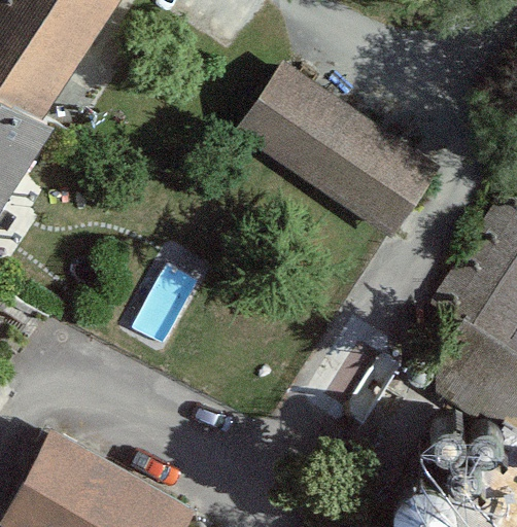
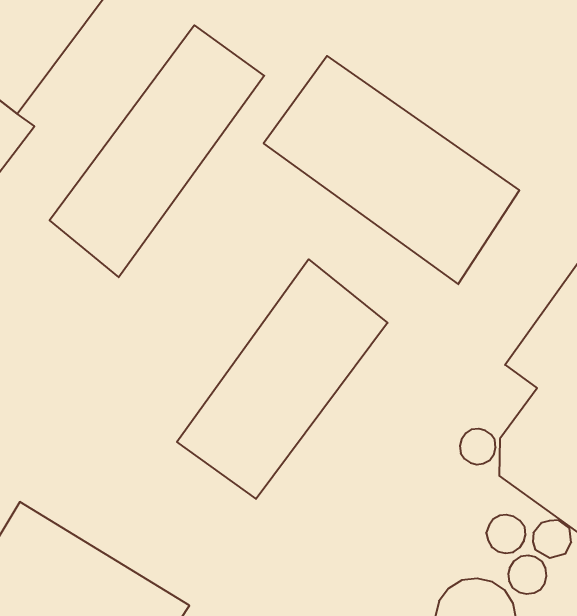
building: none -> [50,25,264,277]
building: none -> [177,259,388,499]

